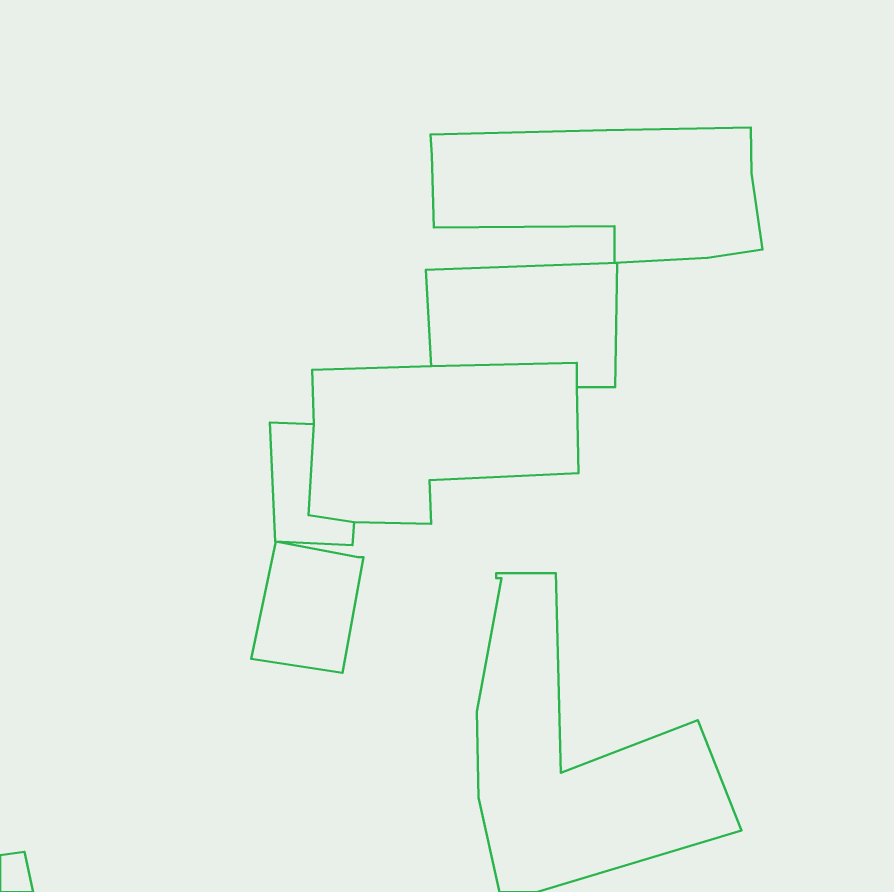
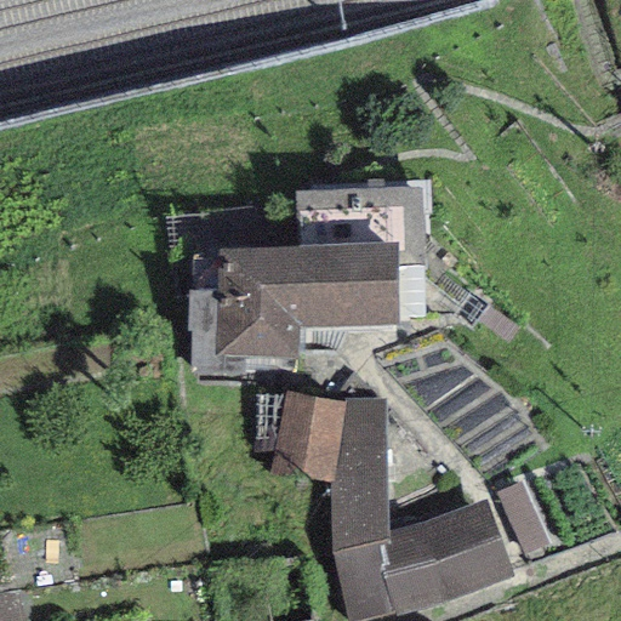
building: [430,127,762,263] -> none
building: [251,542,363,673] -> [270,389,348,480]

